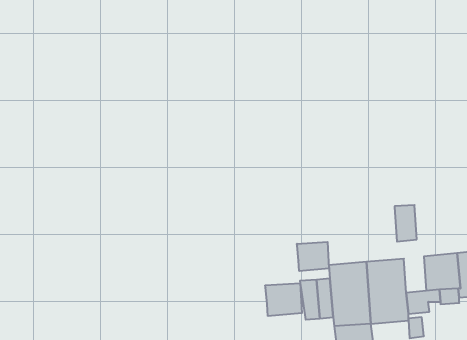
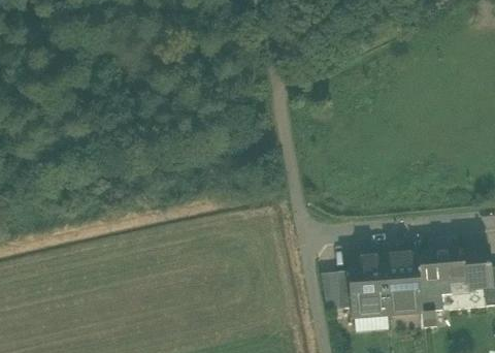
building: [395,205,417,242] -> [419,251,439,285]
building: [297,242,329,271] -> none
building: [265,283,302,316] -> none

